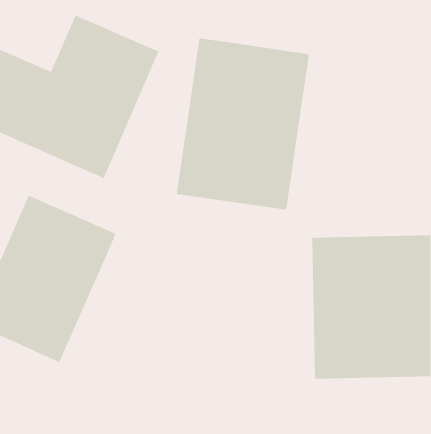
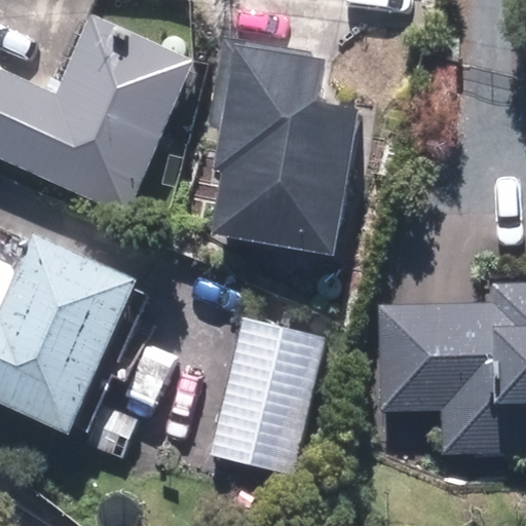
building: none -> [205,314,324,474]

